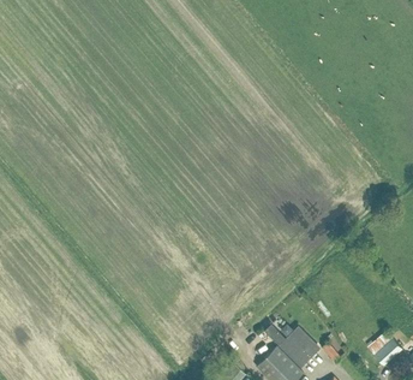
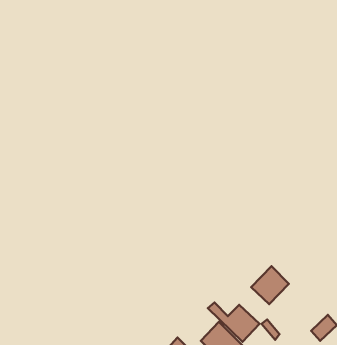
building: none -> [251,266,289,304]

